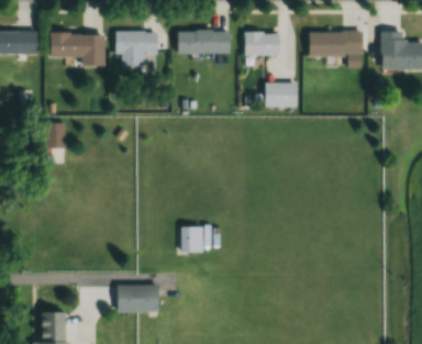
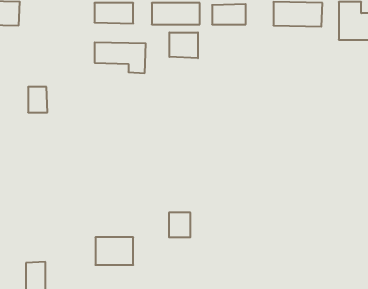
building: [49,34,104,67] -> [95,42,146,73]
building: none -> [169,32,198,58]
building: [264,82,296,107] -> none
building: [187,221,210,247] -> [169,213,190,237]

